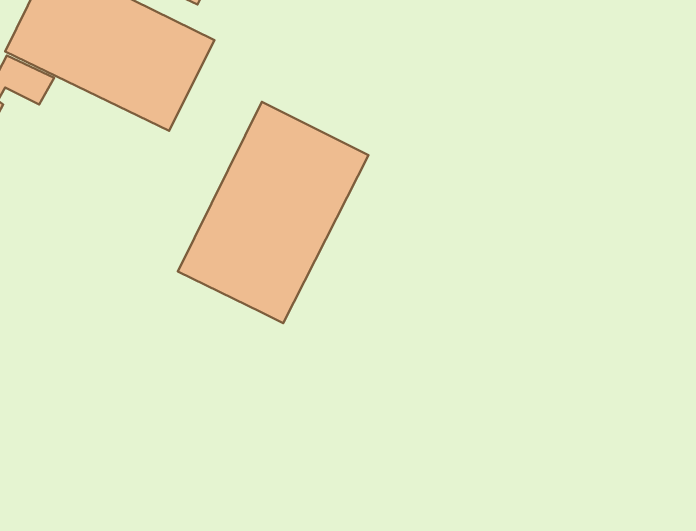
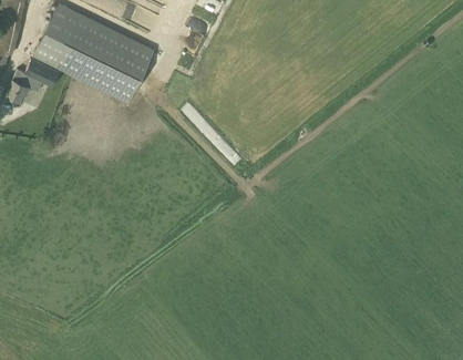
building: [178,102,368,323] -> none

